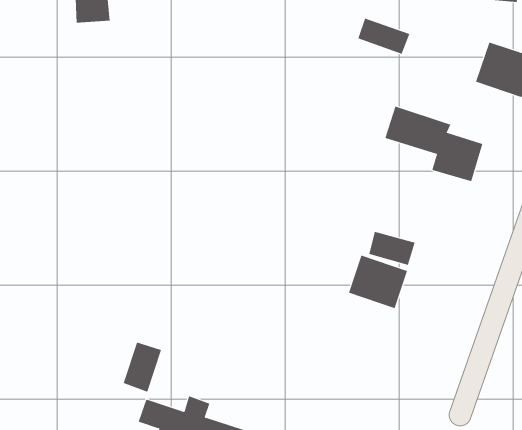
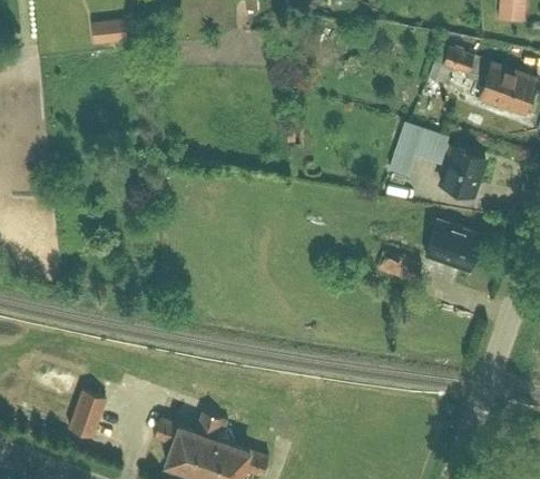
building: [357,18,410,55] -> [442,49,493,85]
building: [348,255,408,309] -> [425,217,483,270]
building: [123,342,162,392] -> [68,388,106,437]

